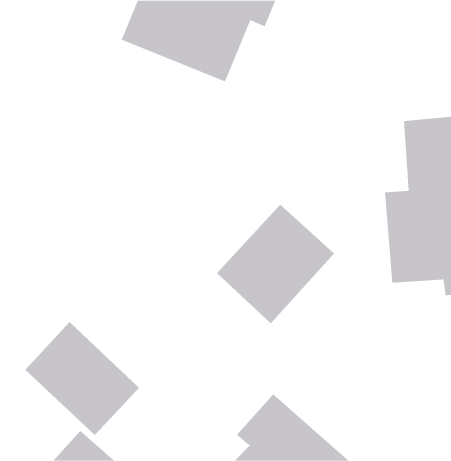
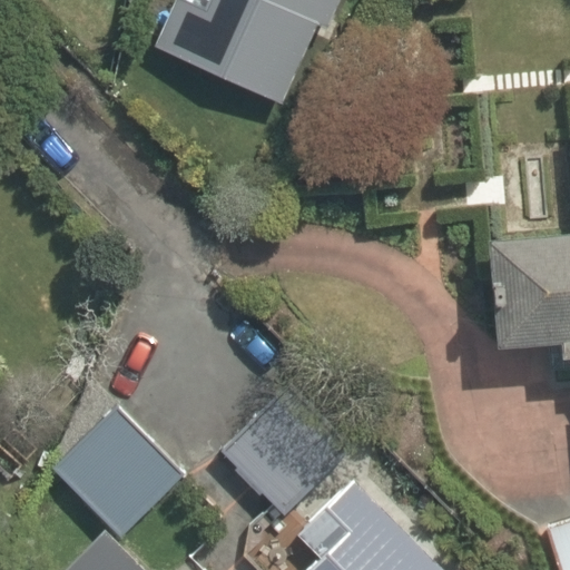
building: [216,204,335,324] -> none
building: none -> [223,393,342,512]

